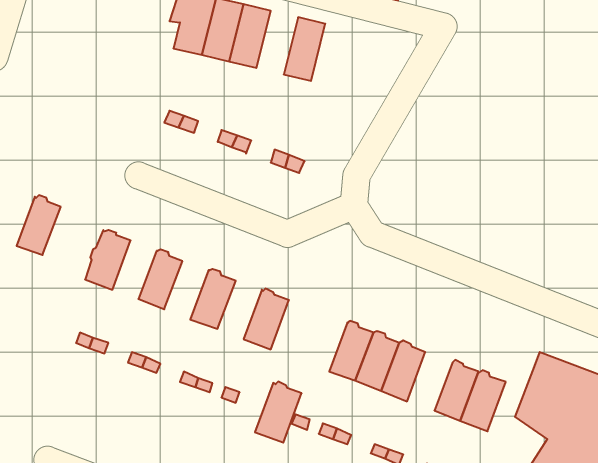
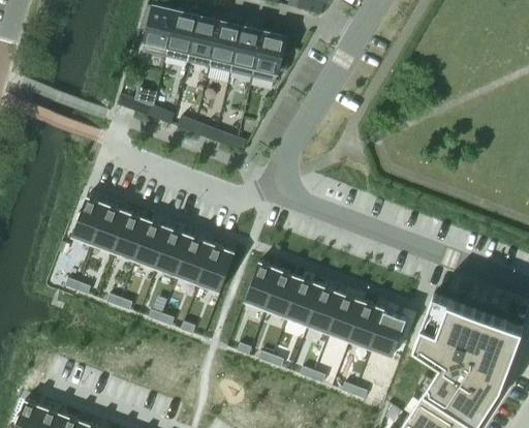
building: none -> [210,23,243,73]
building: none -> [253,33,291,84]
building: [17,195,61,255] -> [95,205,130,252]
building: none -> [136,220,172,269]
building: none -> [179,237,214,284]
building: none -> [330,294,366,341]
building: [255,382,302,443] -> [245,262,282,310]

